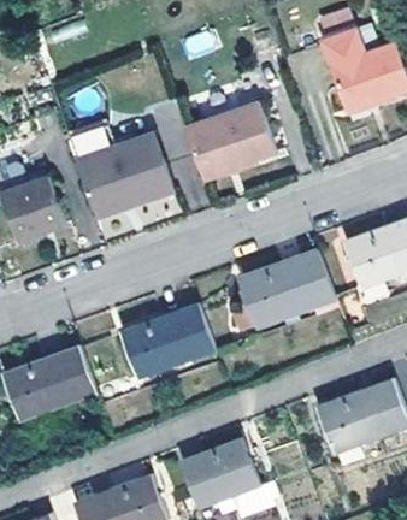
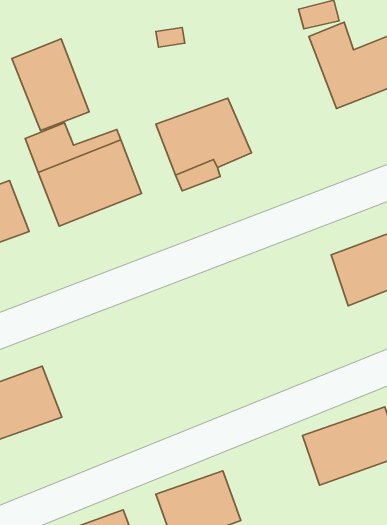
building: none -> [12,39,89,130]
building: [240,253,332,326] -> none
building: [119,303,214,378] -> none

